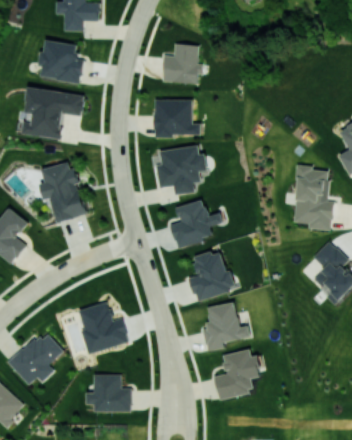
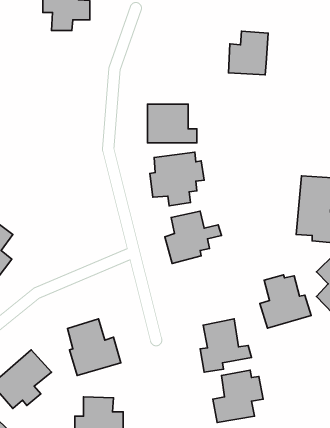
building: [39,40,84,83] -> none
building: [163,43,200,84] -> [229,31,268,75]
building: [22,87,85,139] -> none
building: [40,161,86,222] -> none
building: [189,251,237,301] -> [260,275,311,328]

